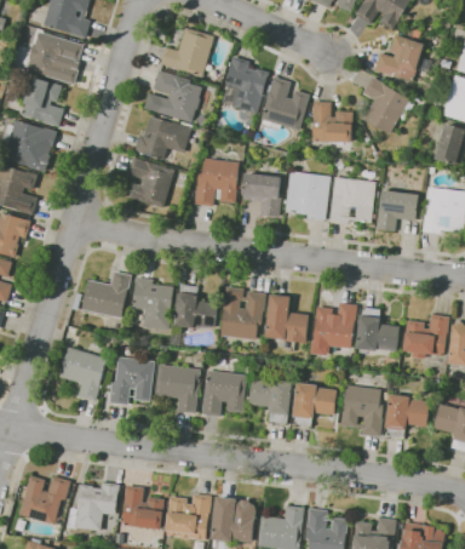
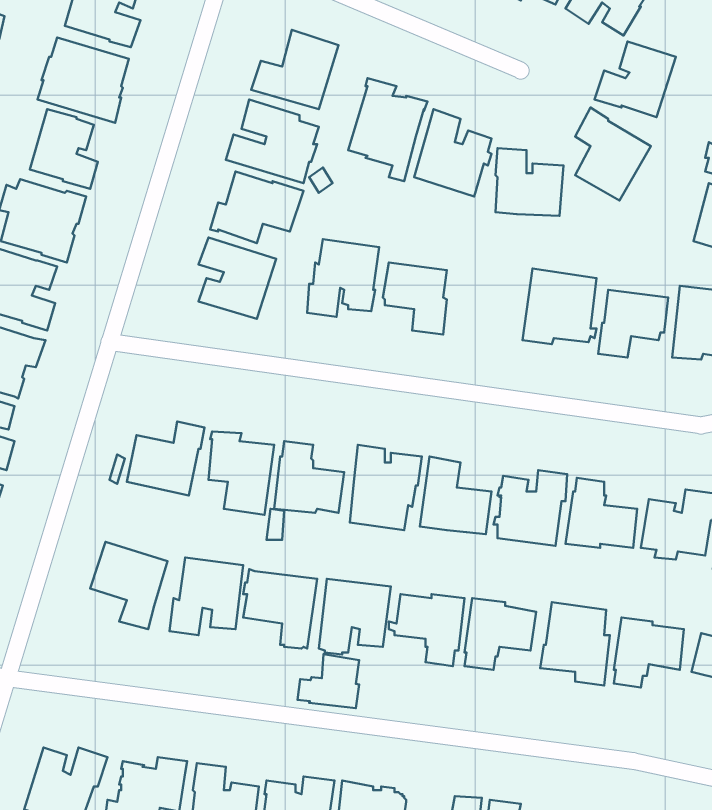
building: [283,171,331,221] -> none
building: none -> [298,654,359,708]

